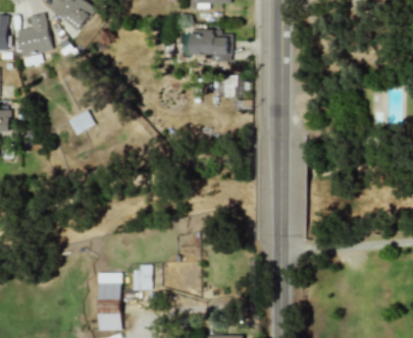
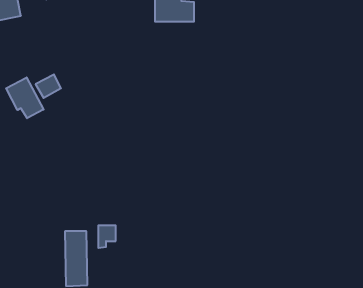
building: [223,75,243,97] -> none
building: none -> [6,77,44,118]

